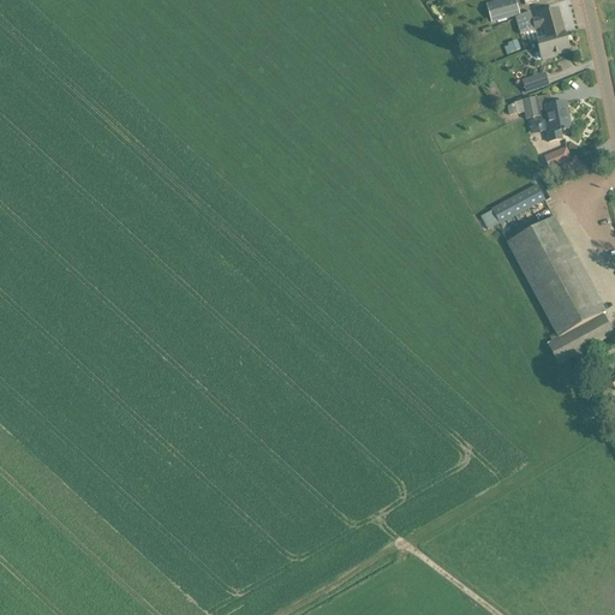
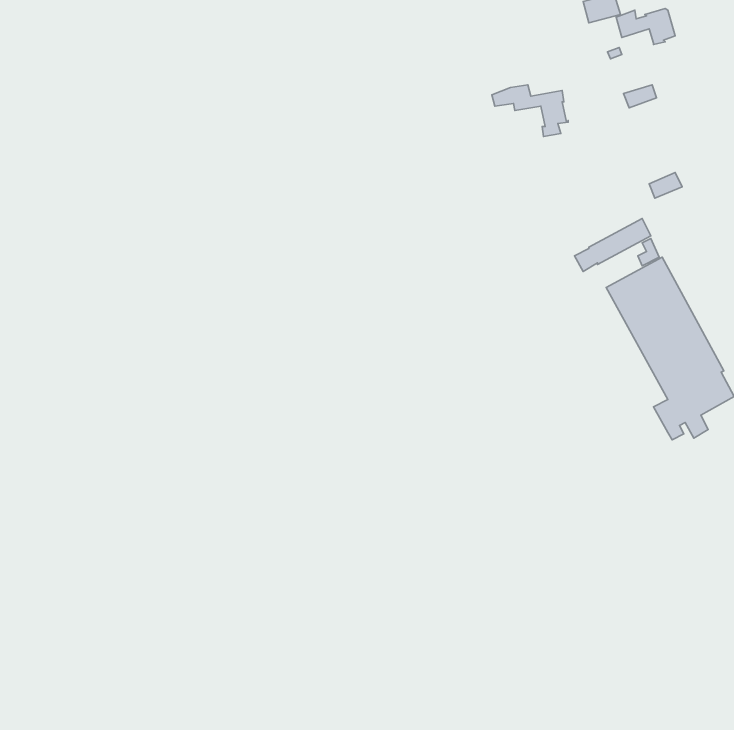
building: [537,30,571,56] -> none
building: [507,95,571,138] -> [492,85,568,136]

